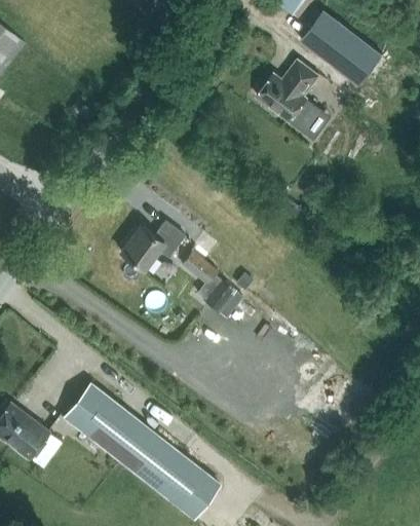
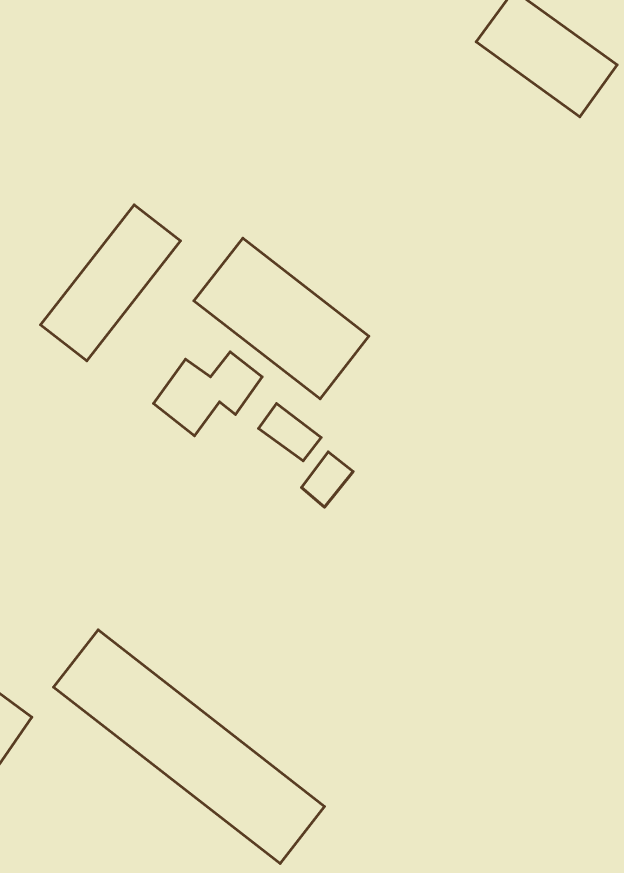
building: [256,59,319,128] -> none
building: none -> [41,205,180,361]
building: none -> [194,238,369,399]

